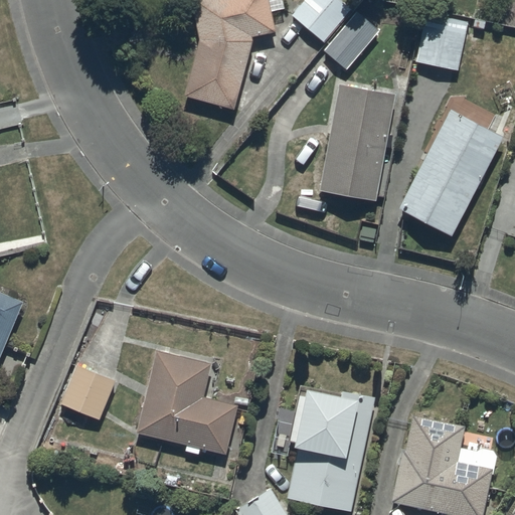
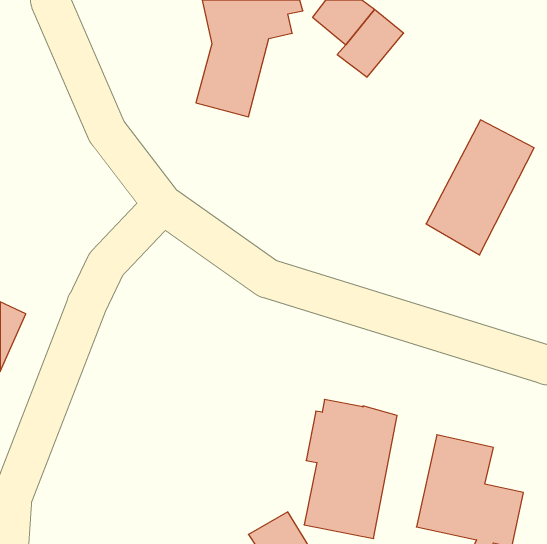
building: [416,20,468,74] -> none
building: [319,91,392,206] -> none
building: [136,346,236,452] -> none
building: [58,360,116,416] -> none

